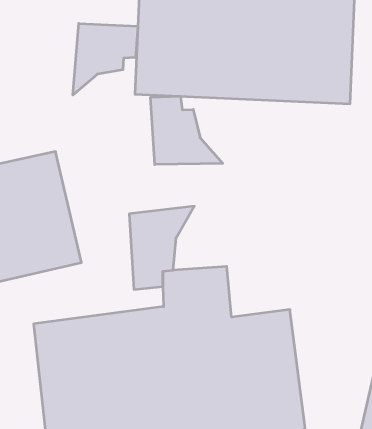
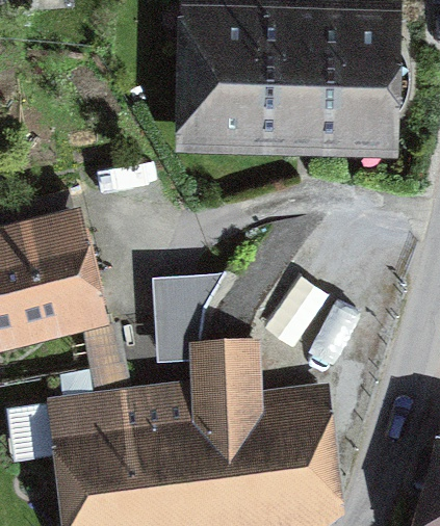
building: [73,23,138,95] -> none
building: [151,96,223,165] -> none

